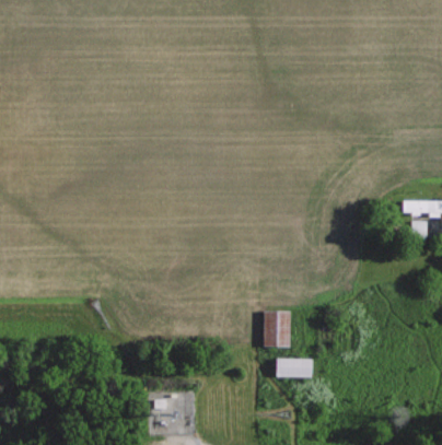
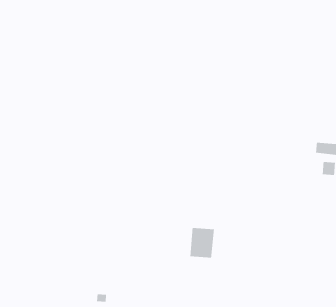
building: [276,359,314,377] -> none

